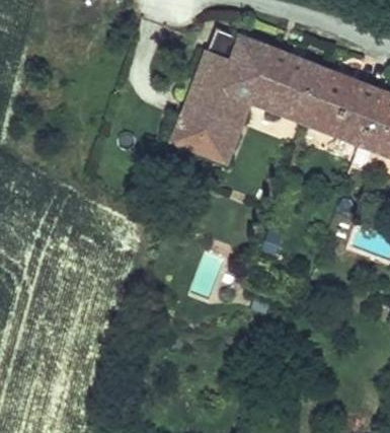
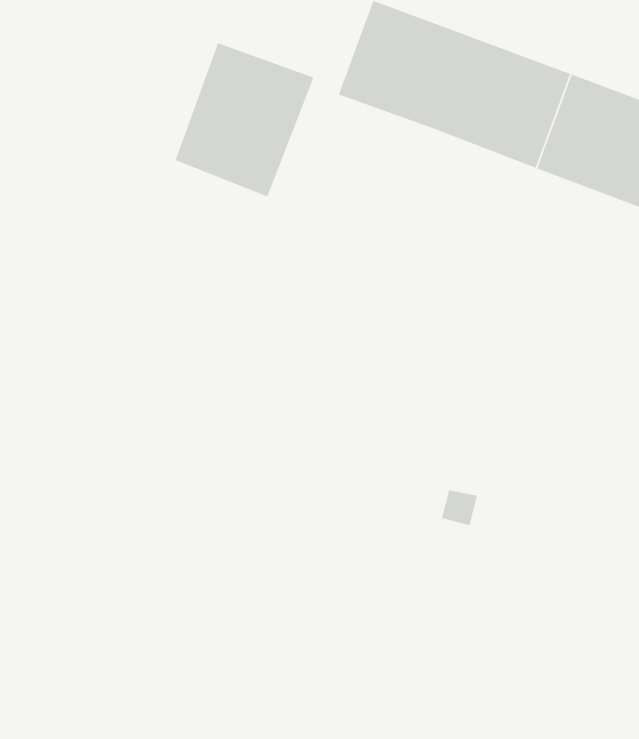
building: [178,82,251,163] -> [175,42,315,198]

